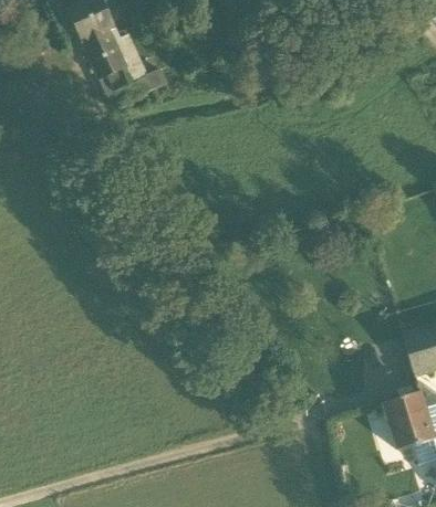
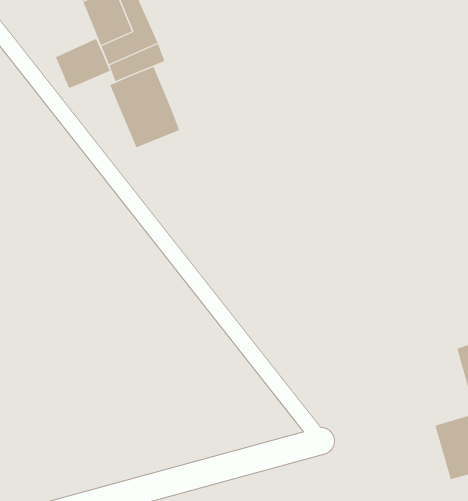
building: none -> [55,38,111,89]
building: none -> [109,66,180,148]

